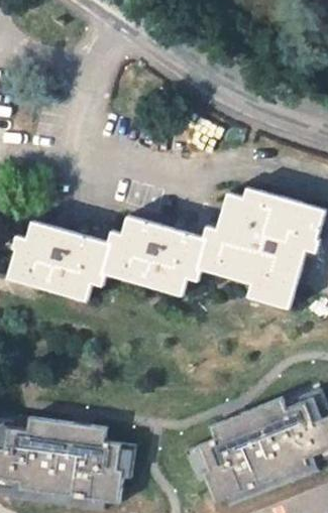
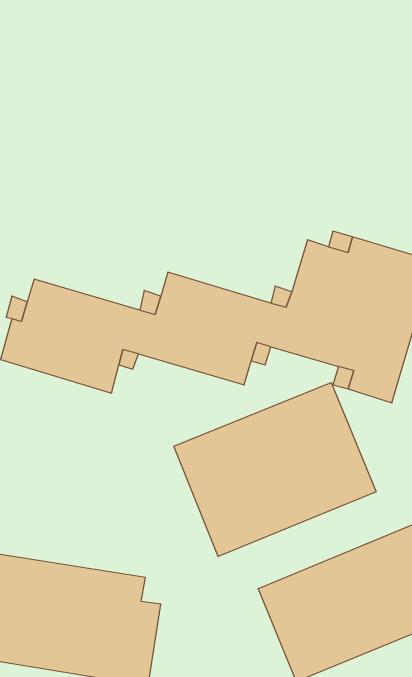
building: none -> [174,383,376,557]

